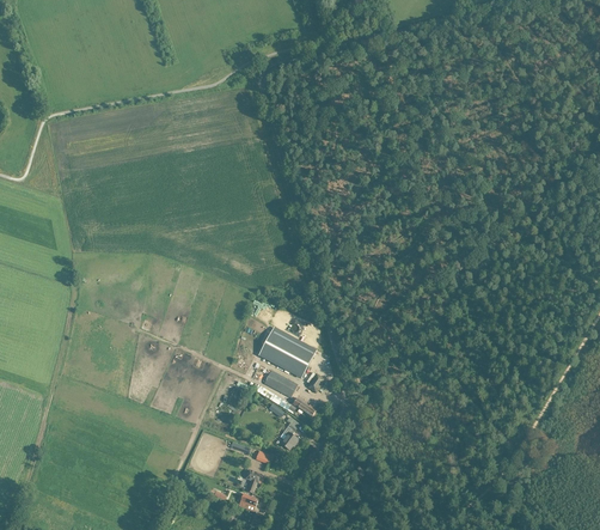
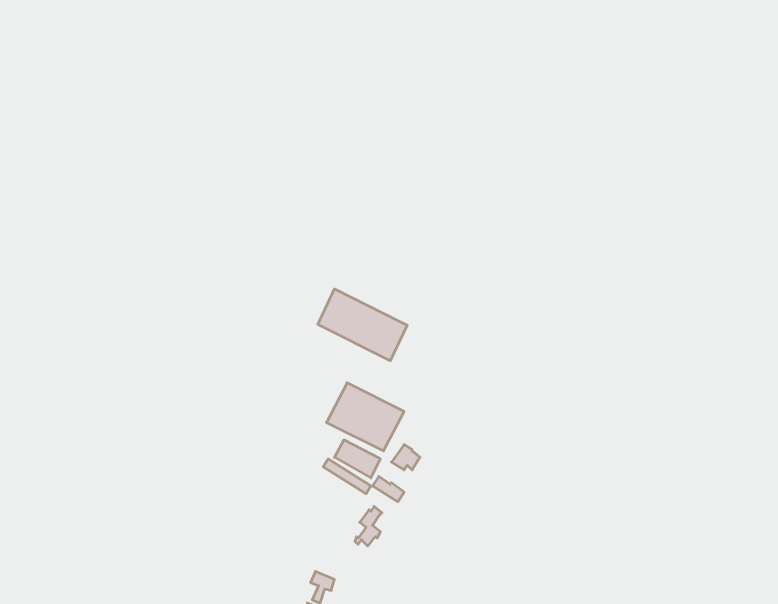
building: none -> [318,289,407,361]

